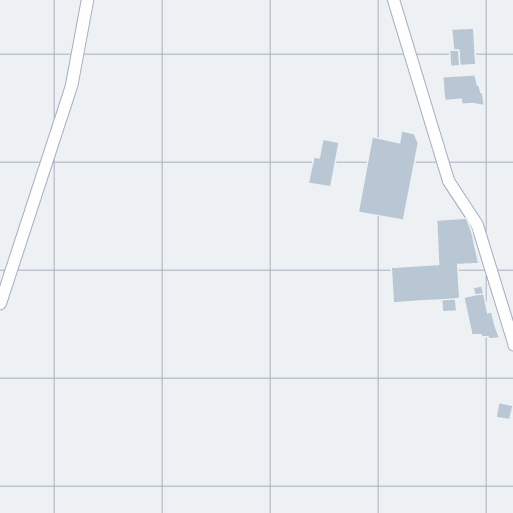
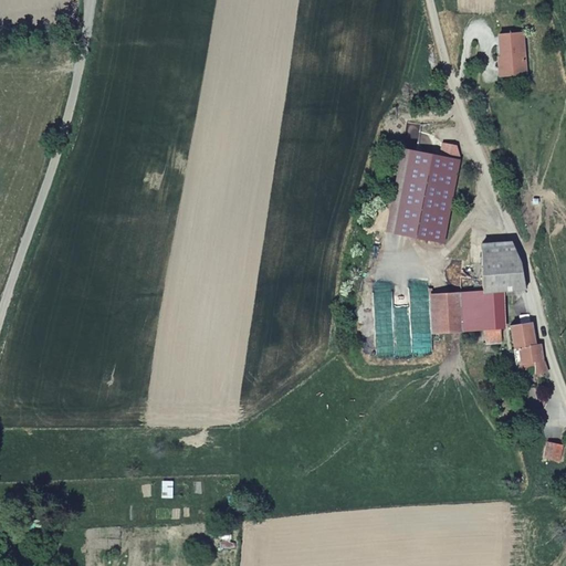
building: [443,75,484,105] -> none
building: [308,139,339,187] -> none

